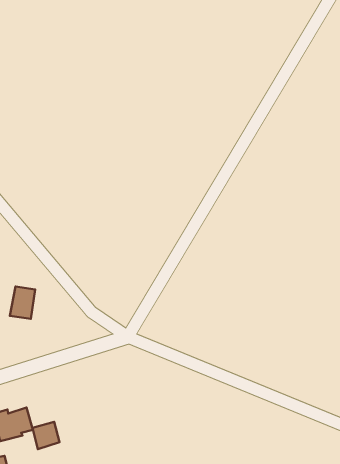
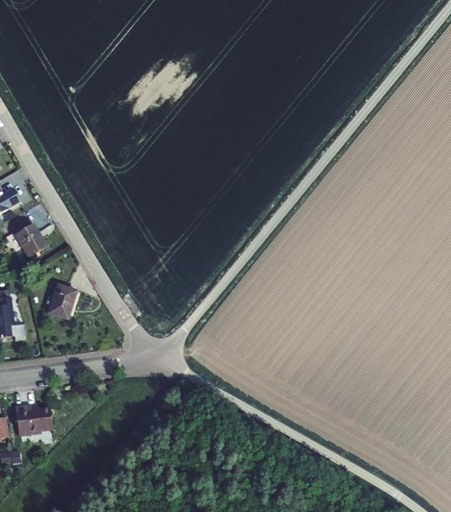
building: [32,422,60,449] -> none

